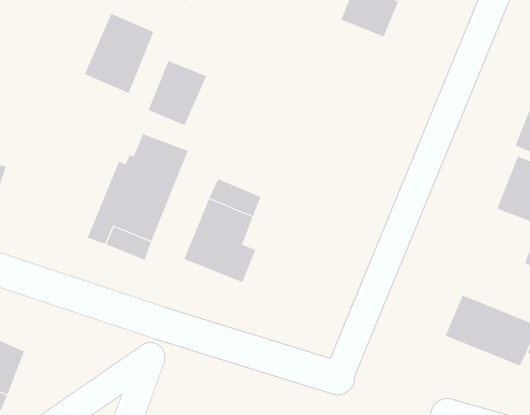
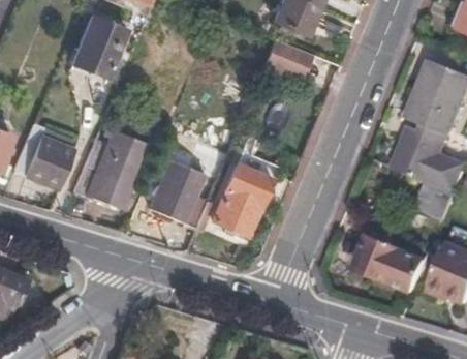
building: none -> [262,37,314,78]
building: [148,60,207,126] -> none
building: none -> [17,123,71,187]
building: none -> [214,149,278,234]

